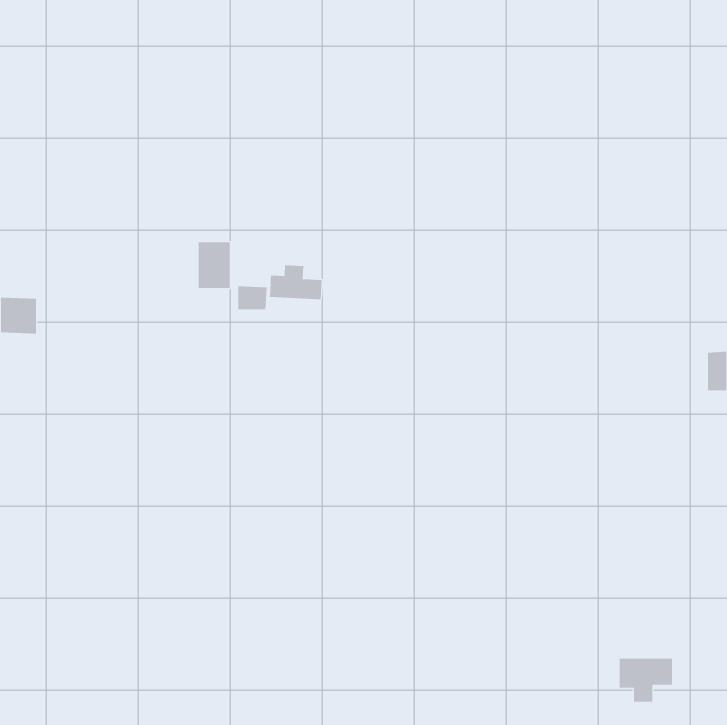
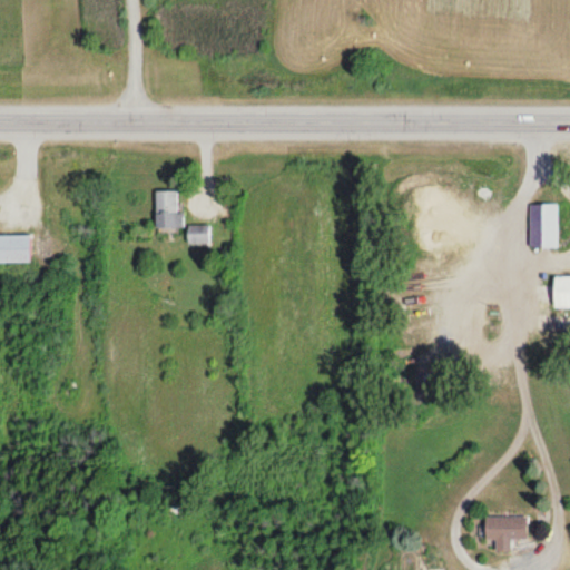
building: none -> [529,204,558,248]
building: [269,264,322,300] -> none

